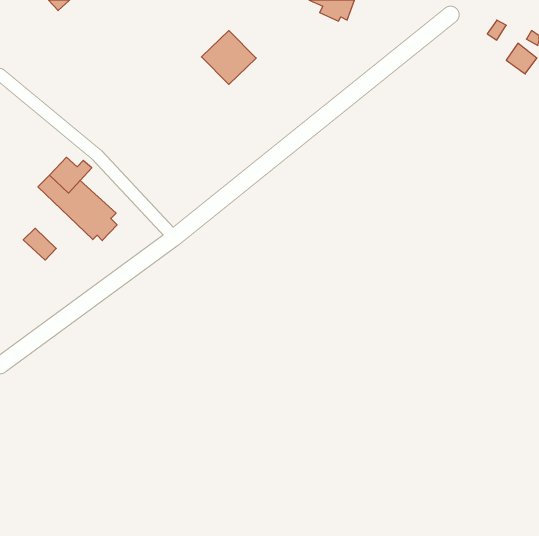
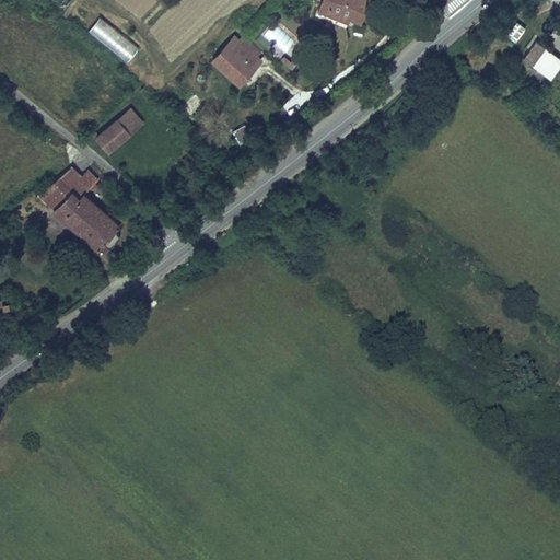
building: none -> [88,20,138,66]
building: none -> [96,108,142,152]
building: [23,228,56,260] -> none

